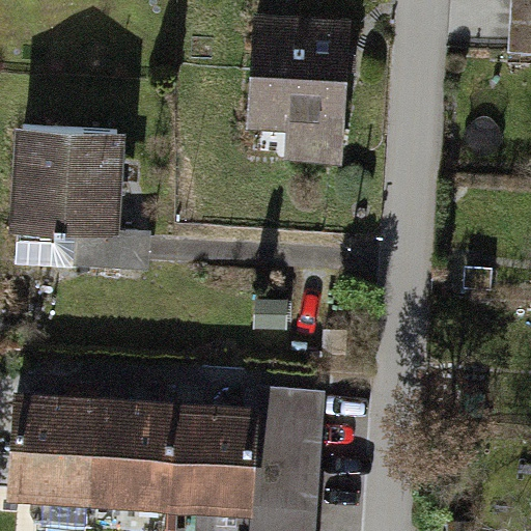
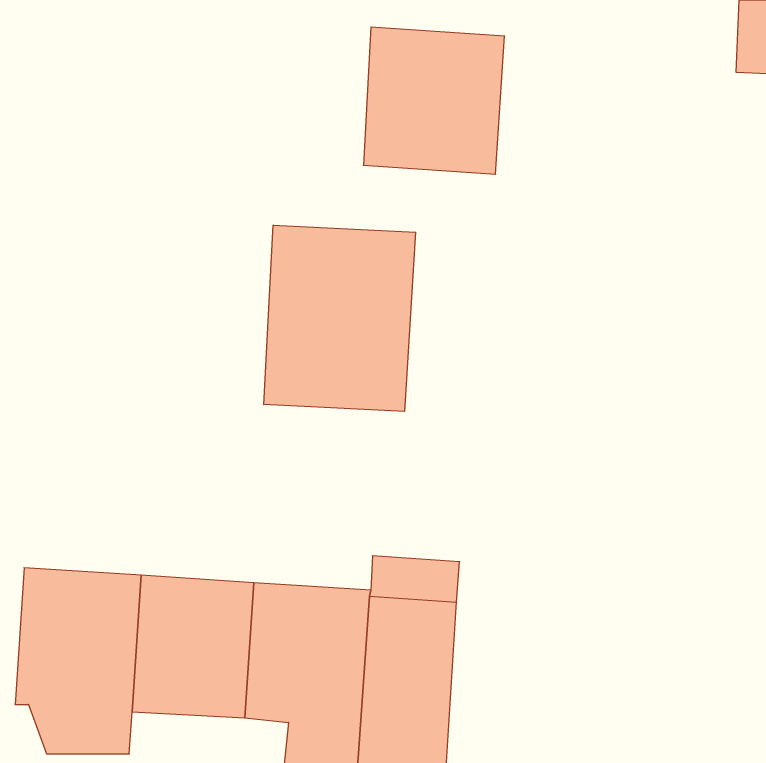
building: [18,125,139,268] -> none
building: none -> [264,225,416,411]

